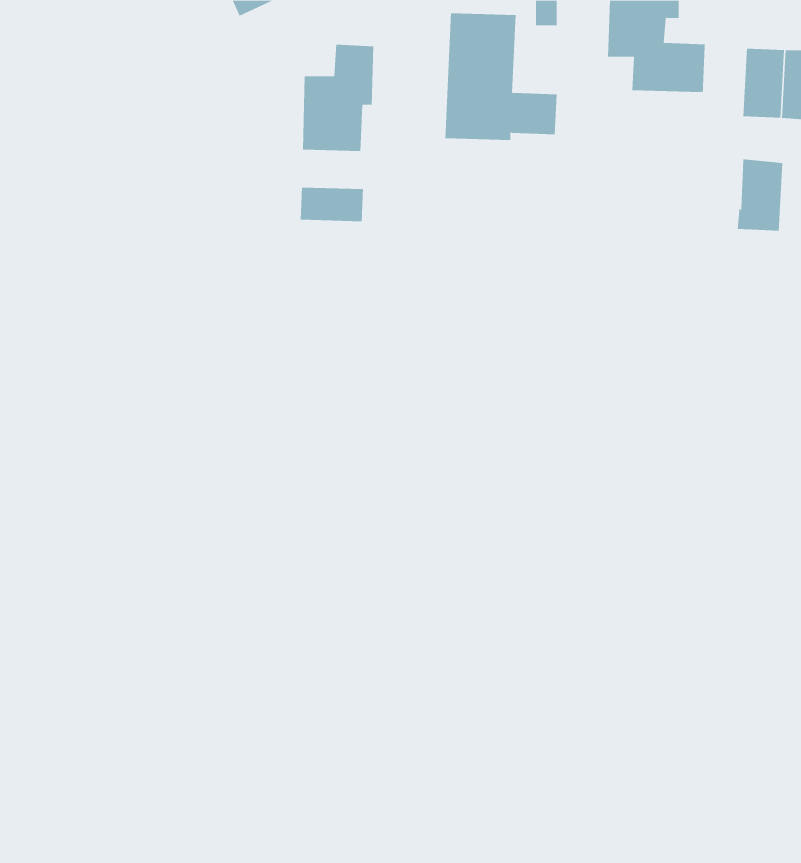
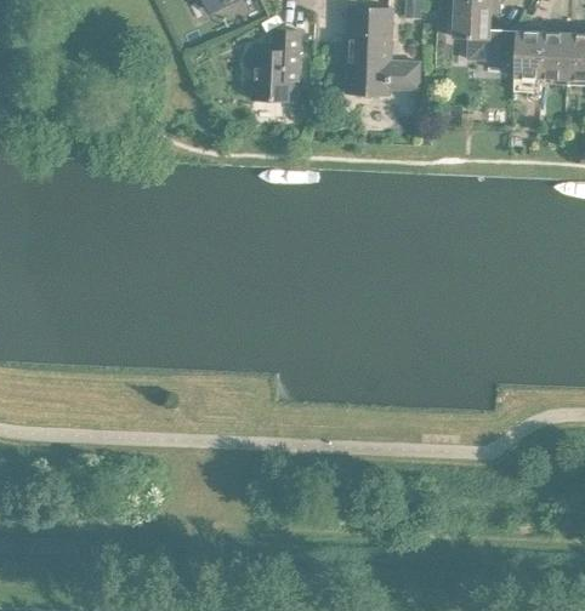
building: [737,159,783,231] -> [513,29,544,76]
building: [300,187,364,222] -> none

